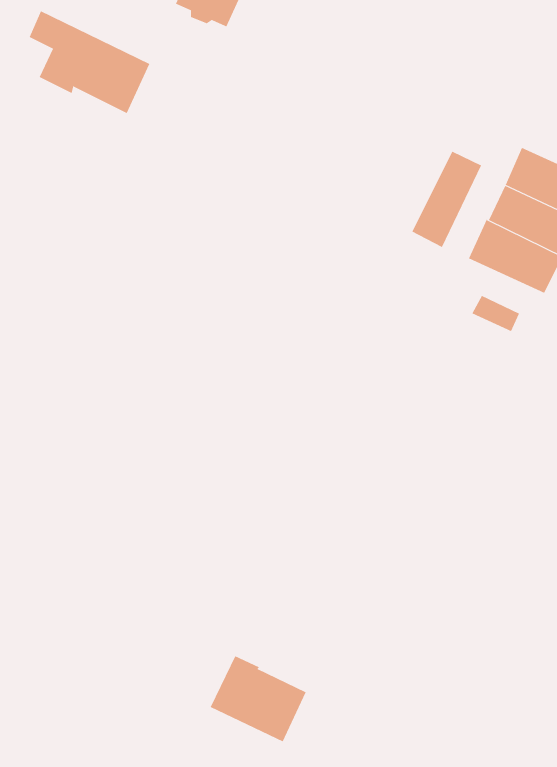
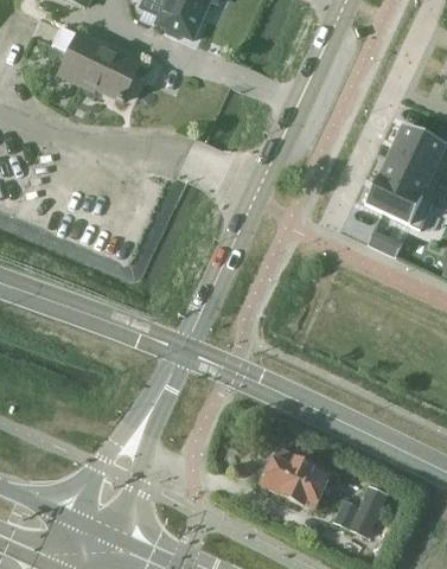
building: [411,151,482,248] -> none
building: [210,656,306,742] -> [260,447,328,509]
building: none -> [333,485,384,535]

